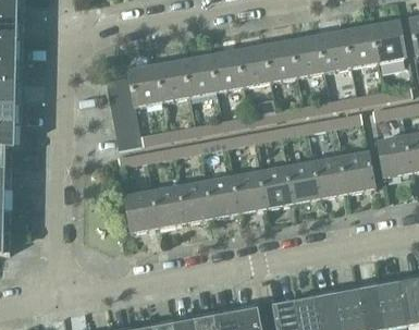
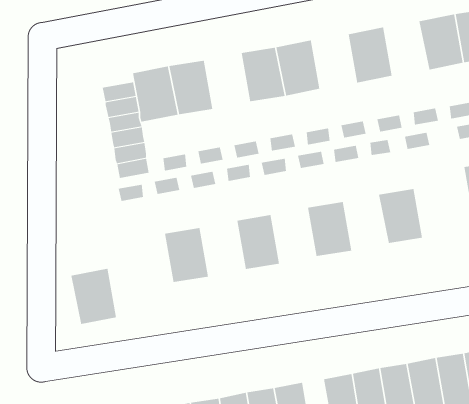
building: [316,30,349,72] -> none
building: [261,40,295,82] -> none
building: [181,54,214,97] -> none
building: [338,151,373,194] -> none
building: [285,161,319,204] -> none
building: [231,171,264,213] -> none
building: [177,181,211,223] -> none
building: [122,191,157,233] -> [70,268,117,325]

